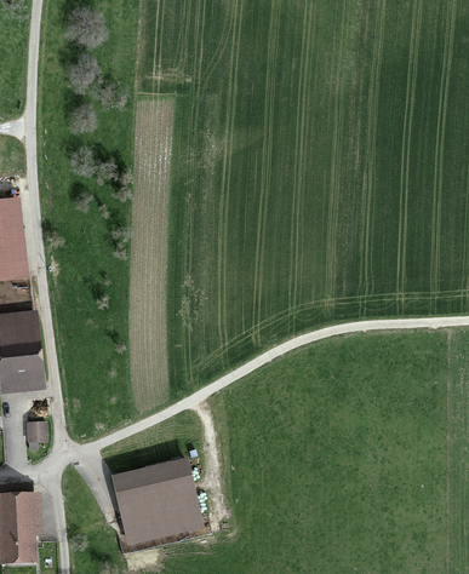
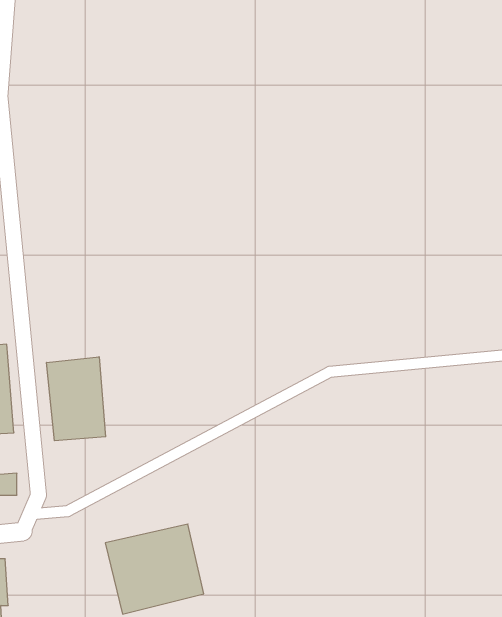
building: none -> [47,357,106,441]

